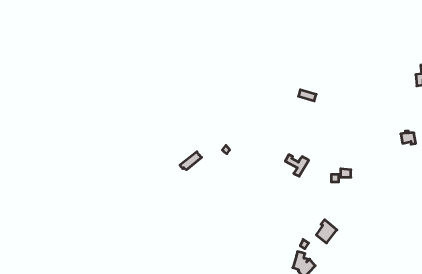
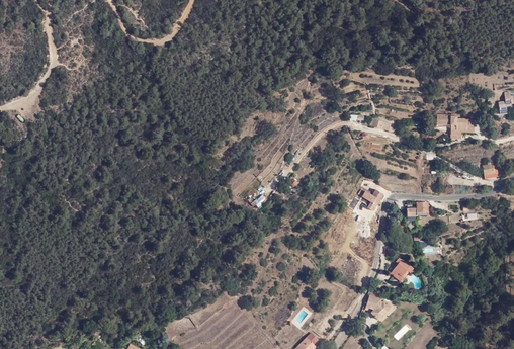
building: none -> [436,114,466,130]

